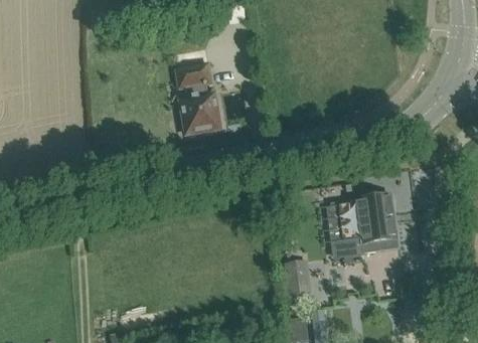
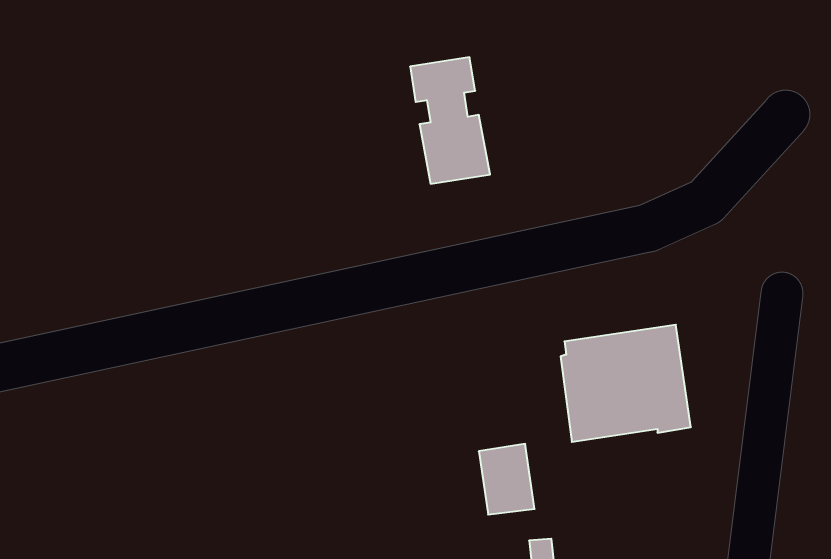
building: [176,65,219,134] -> [410,57,490,184]

